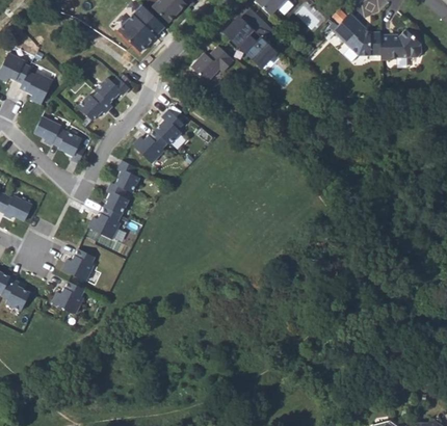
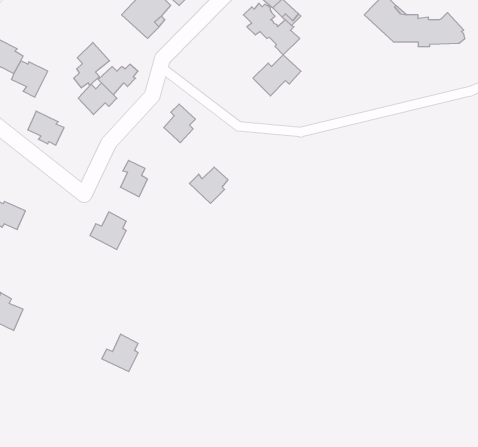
building: [190,46,233,82] -> [253,55,301,96]
building: none -> [74,42,110,88]
building: [57,131,84,163] -> none
building: [132,131,166,163] -> [189,167,228,203]
building: [104,182,129,214] -> none
building: [61,248,94,281] -> none
building: [51,281,83,314] -> [102,334,138,372]

